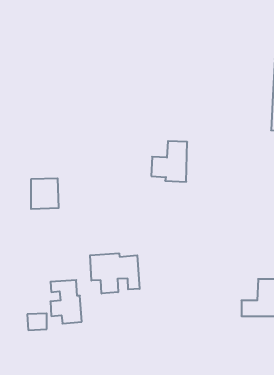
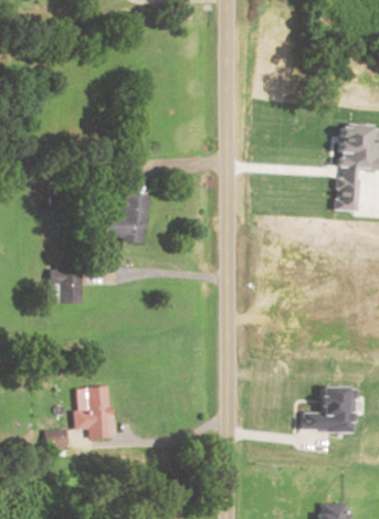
building: [151,141,187,182] -> [106,193,149,242]
building: [90,253,140,294] -> none

